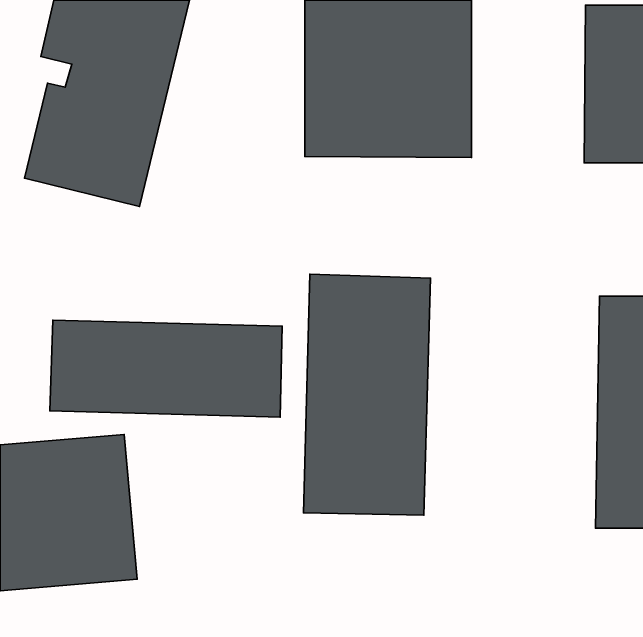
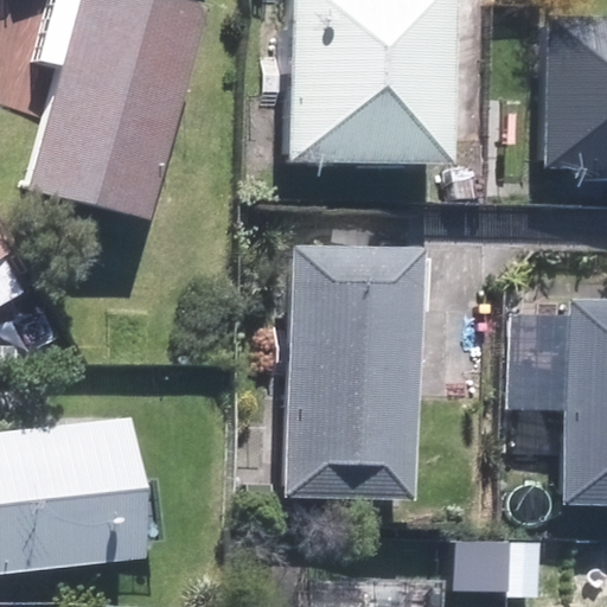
building: [50,320,282,417] -> none

